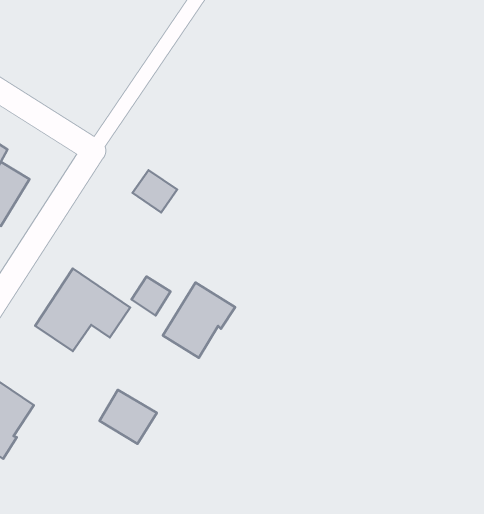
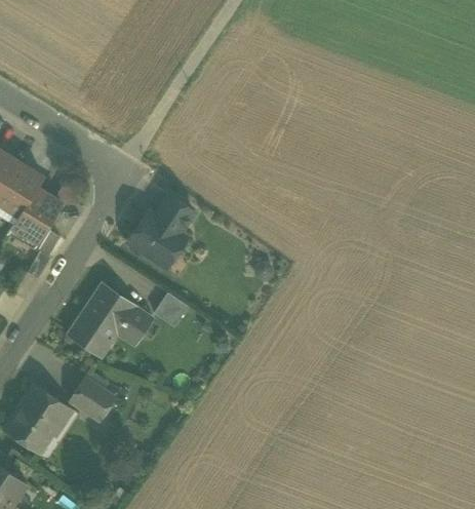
building: none -> [127,211,186,268]
building: [163,283,235,358] -> none
building: [100,390,157,444] -> [66,374,117,422]

